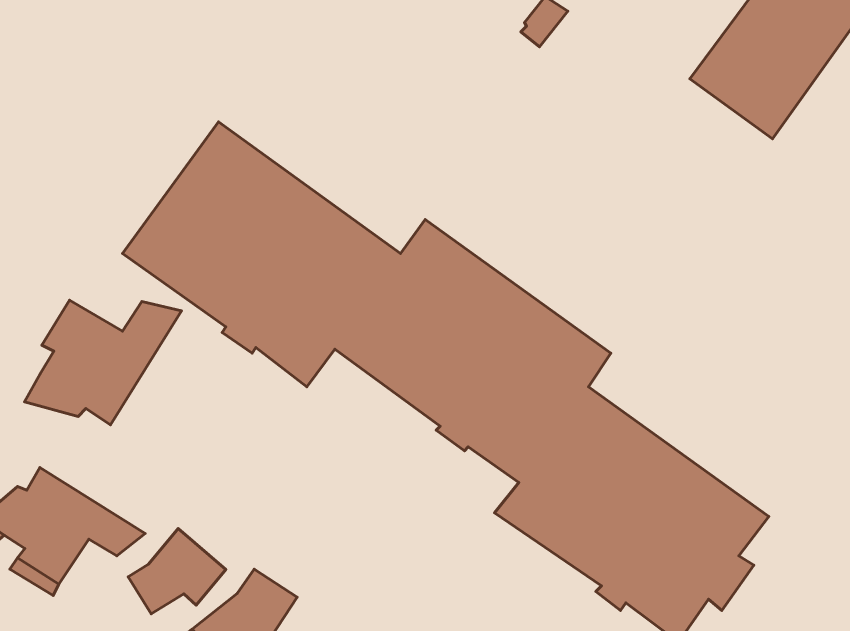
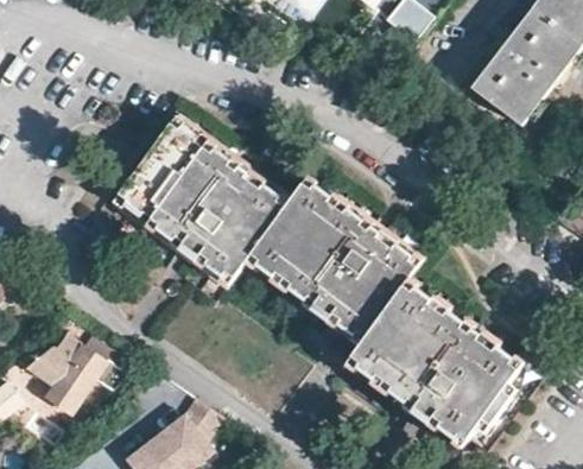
building: [24,300,182,425] -> none
building: [128,528,226,614] -> none

